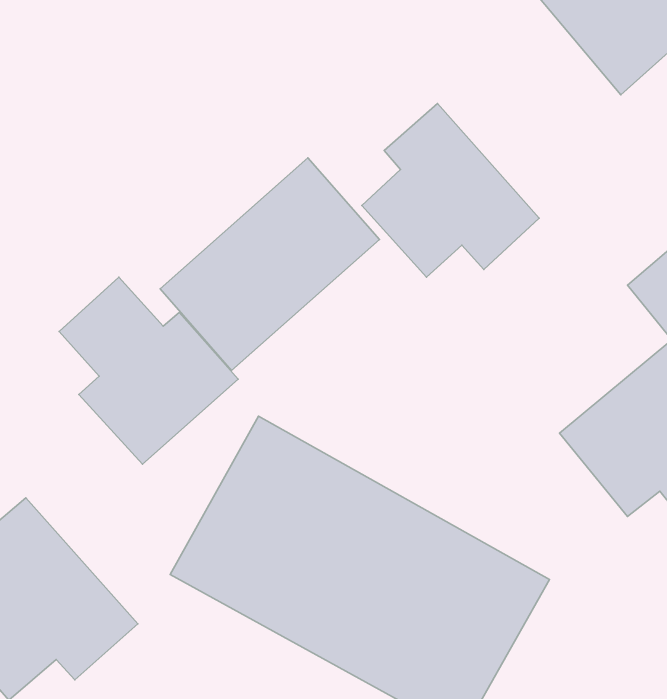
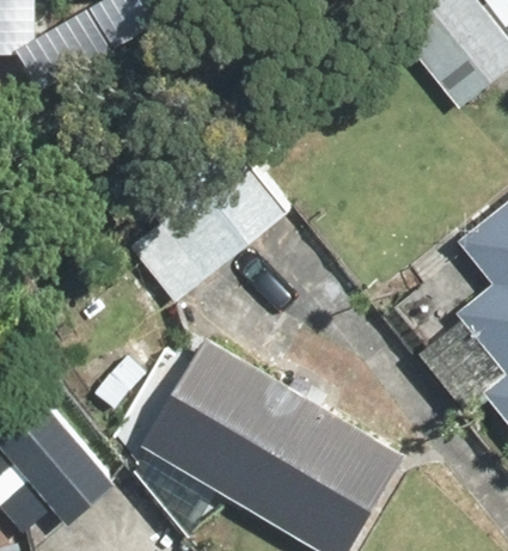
building: [362,103,539,277] -> none
building: [59,277,238,464] -> none

